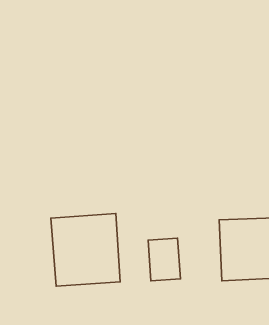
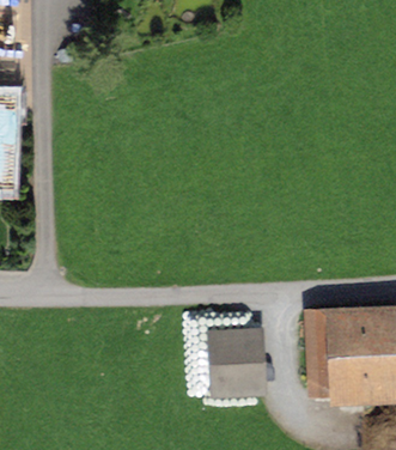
building: [51,214,120,286] -> none

